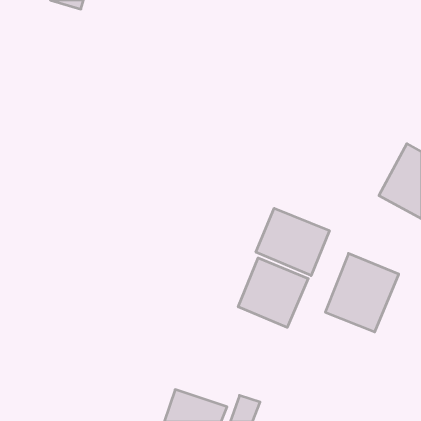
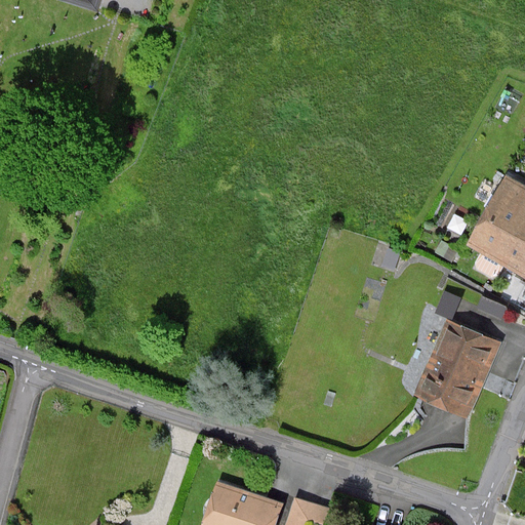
building: [256,208,329,276] -> none
building: [238,258,308,327] -> none

